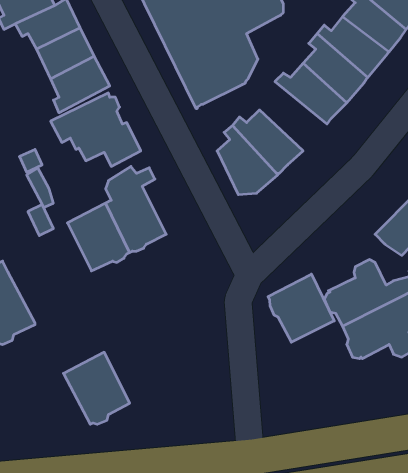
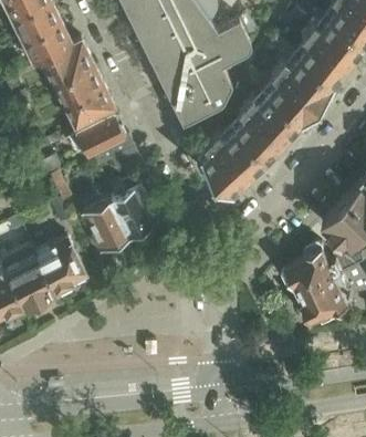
building: none -> [231,106,284,160]
building: [268,274,334,342] -> none
building: [63,352,130,424] -> [34,239,86,295]

